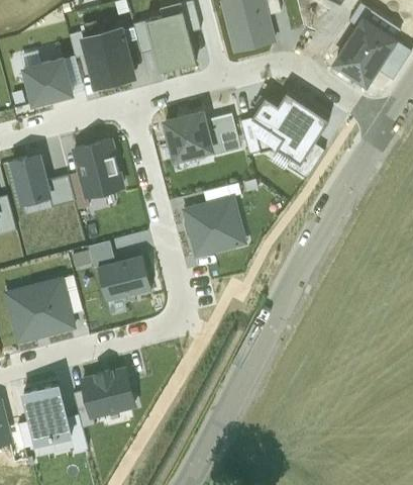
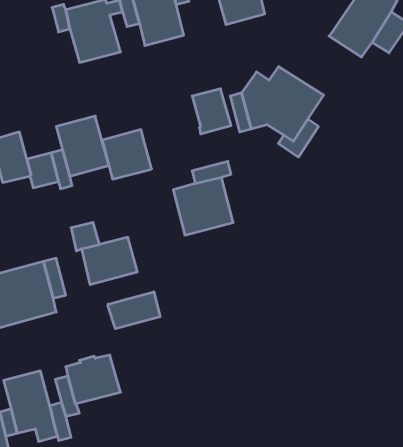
building: [23,59,72,105] -> none
building: [164,112,211,160] -> [102,130,152,179]
building: none -> [108,292,160,329]

